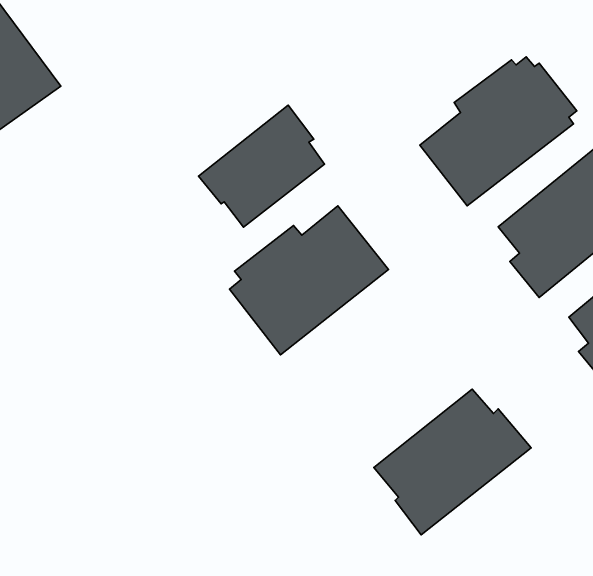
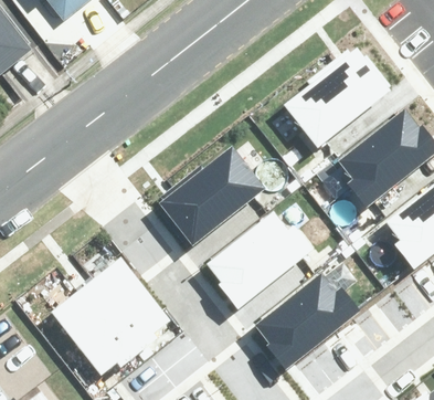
building: [198,105,325,227] -> none
building: none -> [204,210,319,309]
building: none -> [51,256,170,376]

